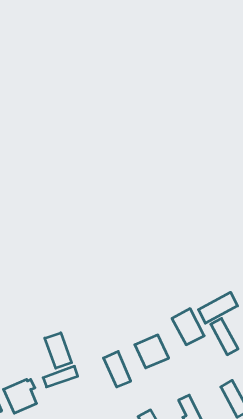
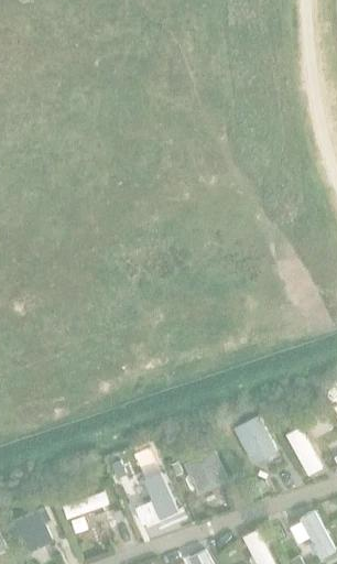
building: [198,292,238,323] -> none
building: [45,333,72,368] -> none

